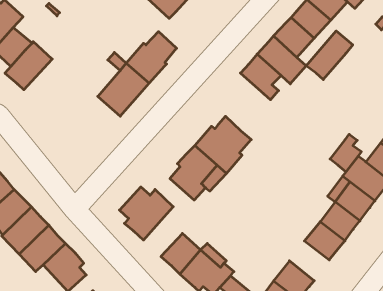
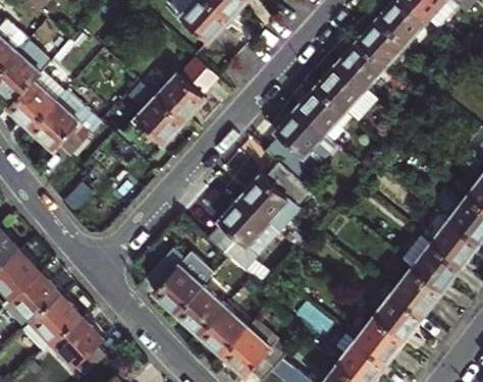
building: [306,31,353,80] -> none
building: none -> [31,89,102,155]
building: none -> [266,108,325,179]
building: [330,134,361,172] -> none
building: none -> [177,284,225,333]
building: none -> [357,314,406,363]

